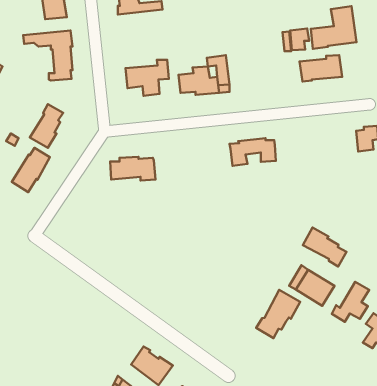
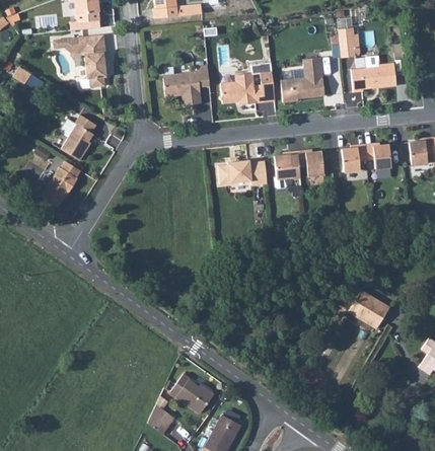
building: [311,6,356,49] -> [281,56,330,101]
building: none -> [344,142,392,171]
building: [110,157,156,180] -> [220,158,269,183]
building: [303,228,347,266] -> none
building: [332,282,369,322] -> none
building: [256,290,300,338] -> none

